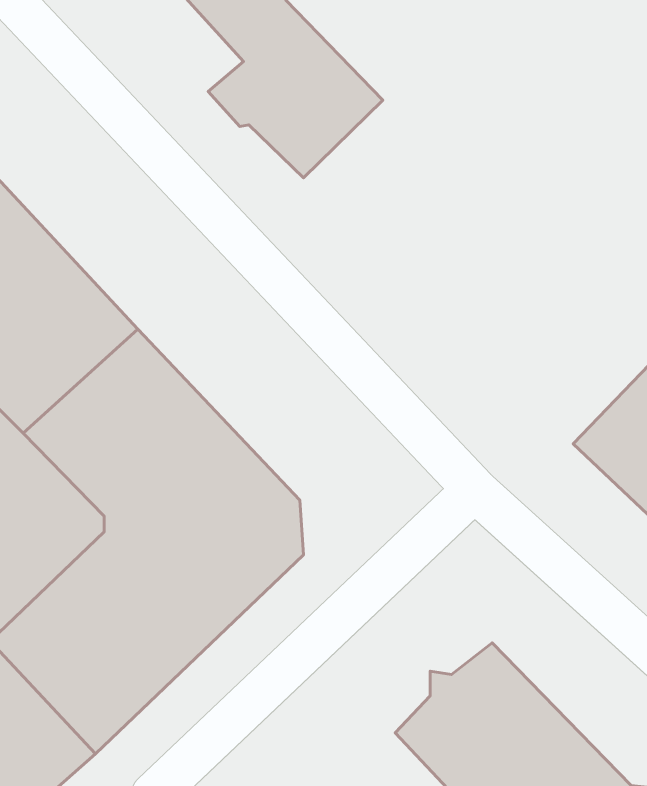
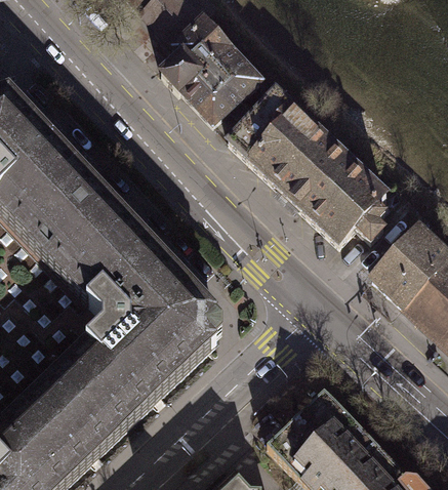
building: none -> [233,94,389,247]

